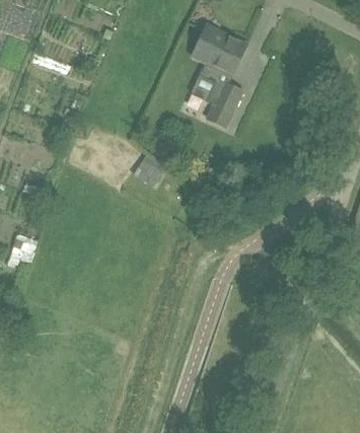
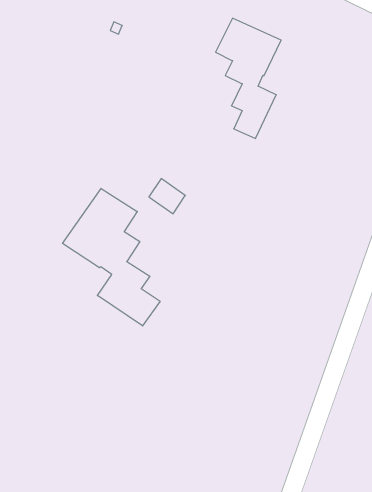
building: none -> [63,188,160,326]

